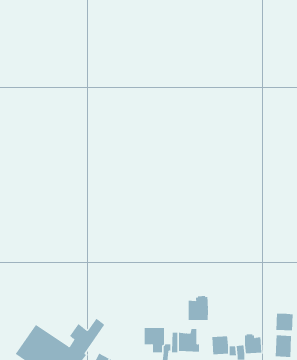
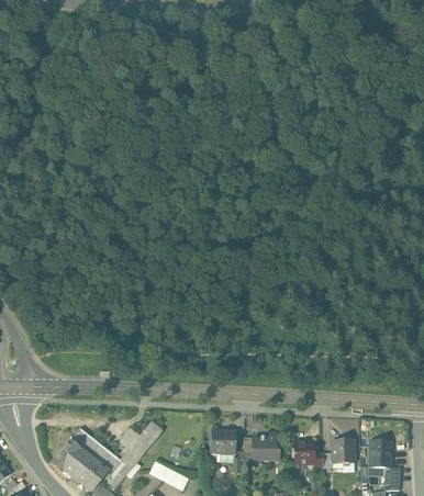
building: [188,295,208,321] -> none
building: [276,313,293,331] -> none

